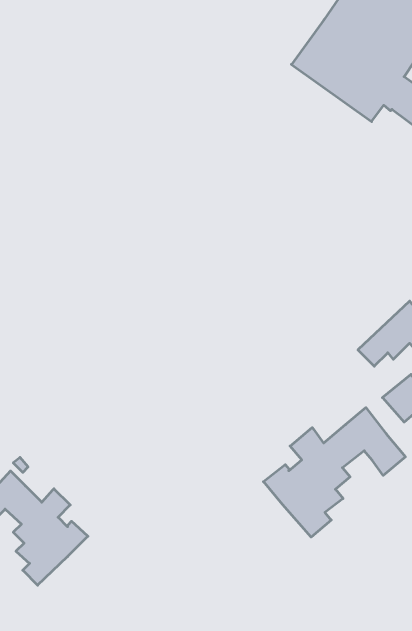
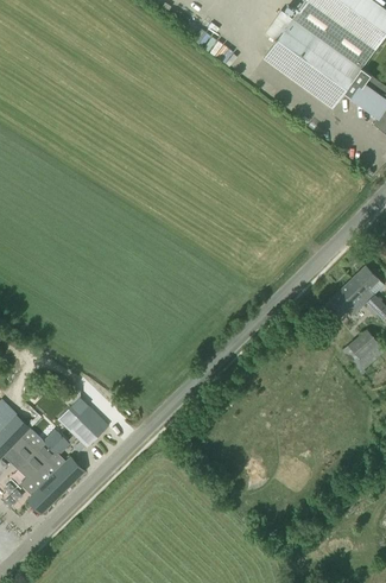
building: [263,408,405,537] -> none
building: none -> [58,397,107,446]

